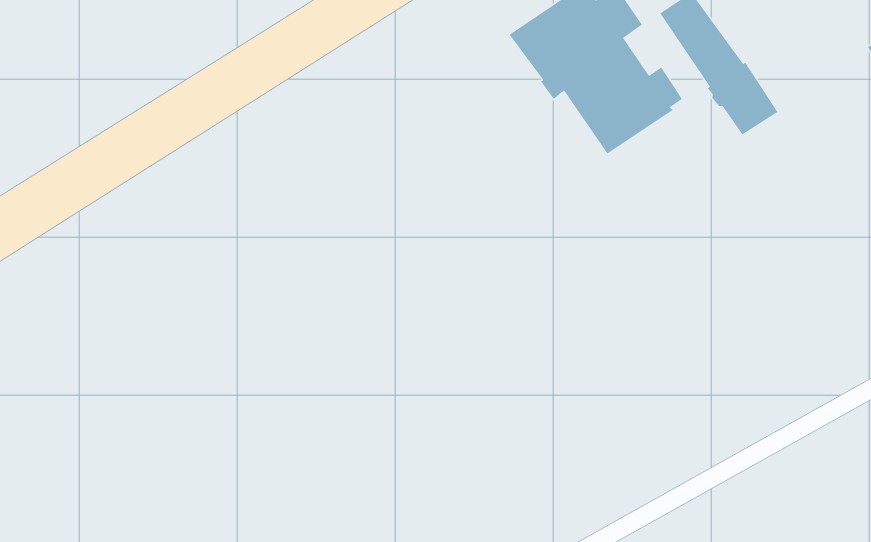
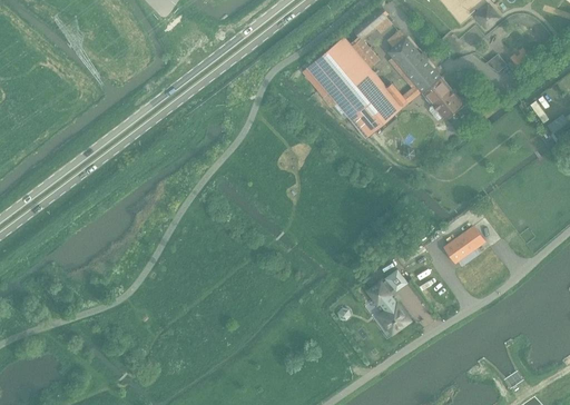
building: none -> [445,227,482,260]
building: none -> [367,267,410,334]

